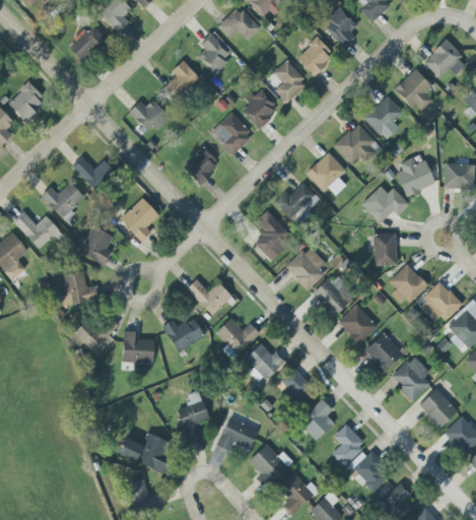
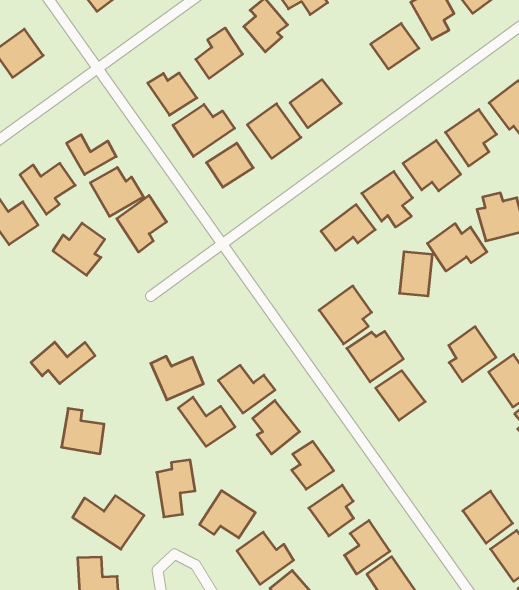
building: [273,60,308,103] -> none
building: none -> [173,104,235,157]
building: none -> [90,167,144,216]
building: [254,215,292,259] -> none
building: [373,233,397,266] -> [399,252,433,296]
building: [61,270,99,306] -> none
building: [186,278,231,315] -> [178,397,235,446]
building: [123,331,153,363] -> [61,408,104,454]
building: [364,332,404,372] -> none
building: [390,356,433,400] -> none

